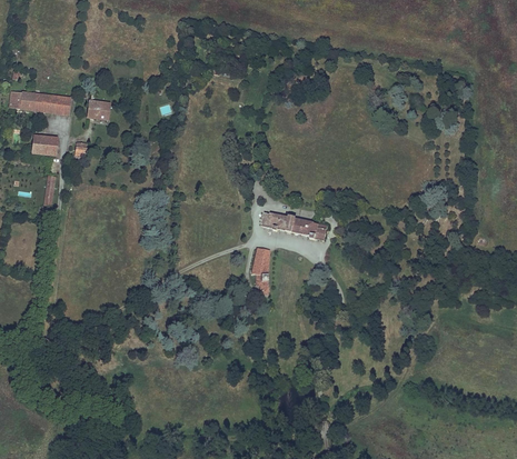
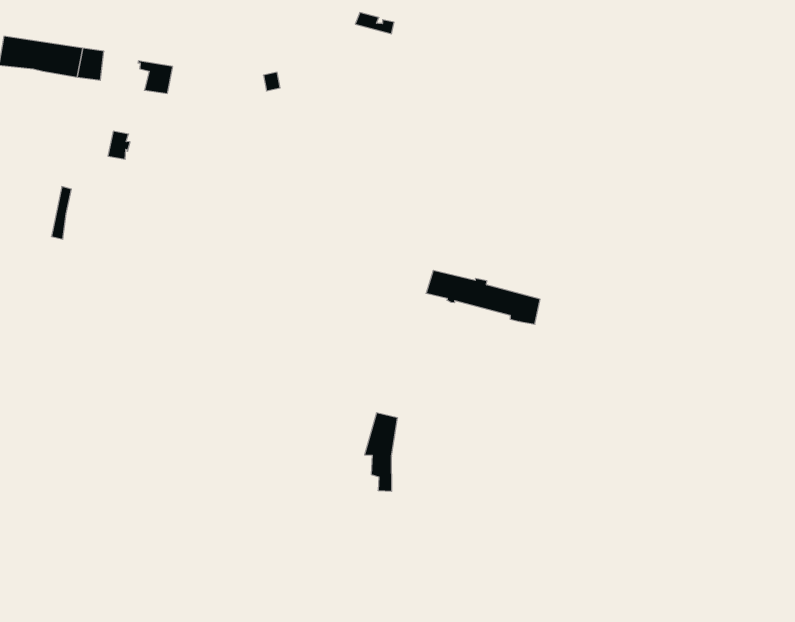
building: [31,124,57,154] -> none
building: [251,248,269,292] -> [365,413,398,491]

